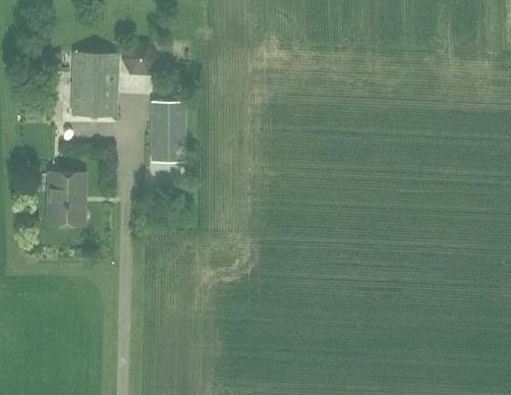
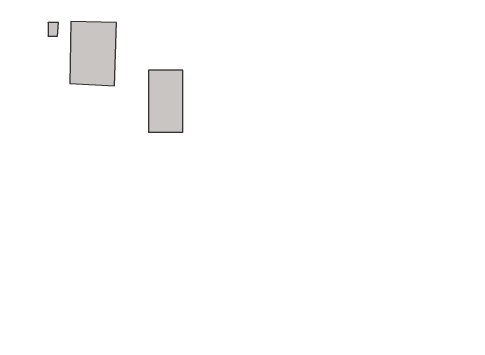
building: [119,42,160,75] -> none
building: [48,172,84,224] -> none

